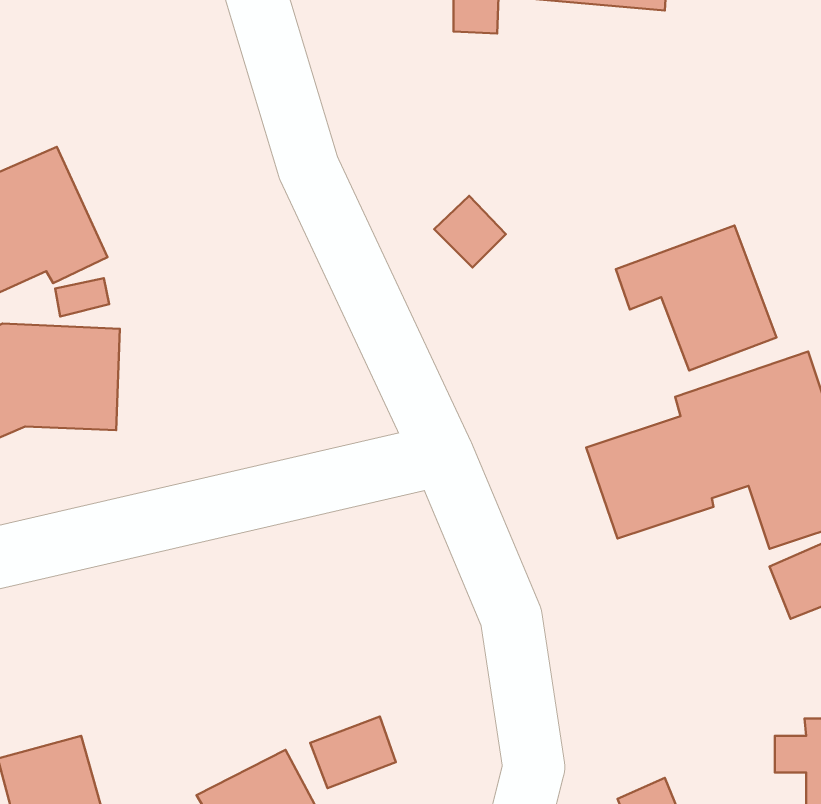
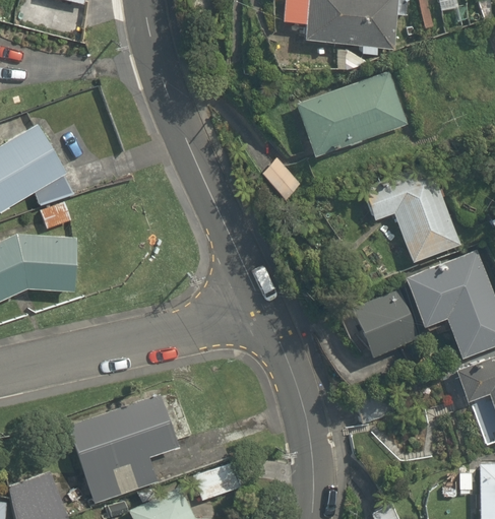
building: none -> [292,68,412,159]
building: none -> [64,393,182,505]

